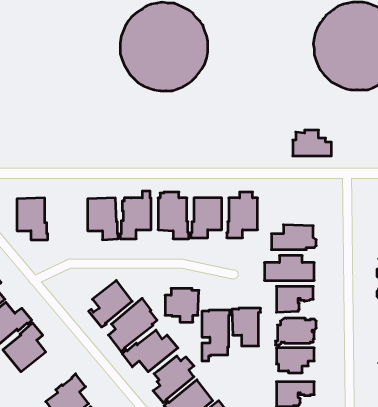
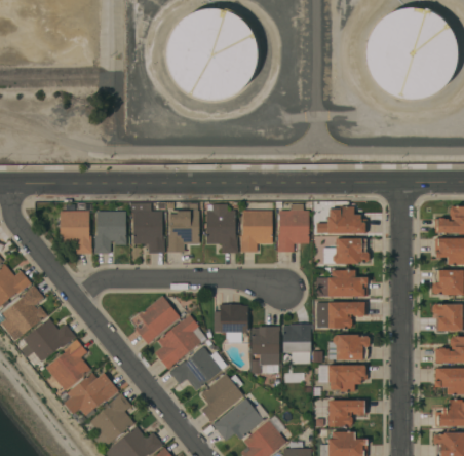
building: [293,130,331,156] -> [326,206,366,233]
building: none -> [93,212,126,254]
building: none -> [64,372,118,416]

